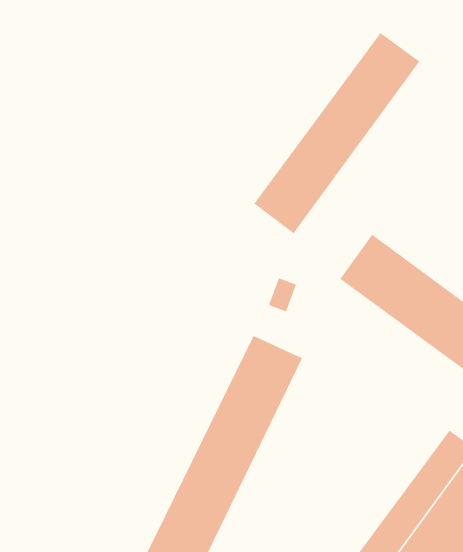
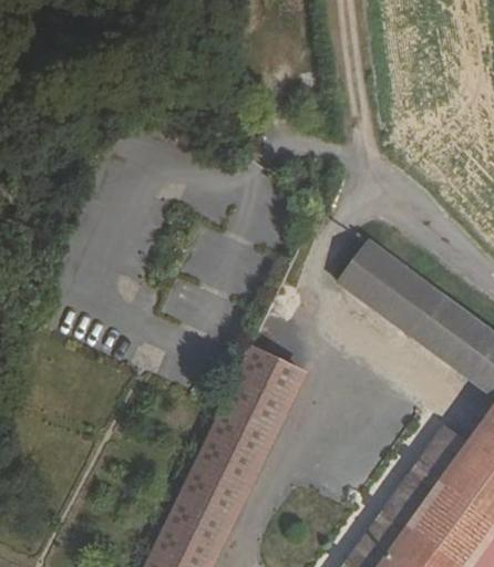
building: [254,32,420,234] -> none

